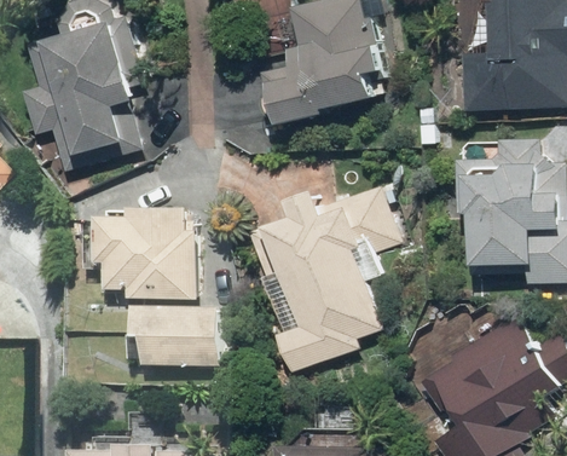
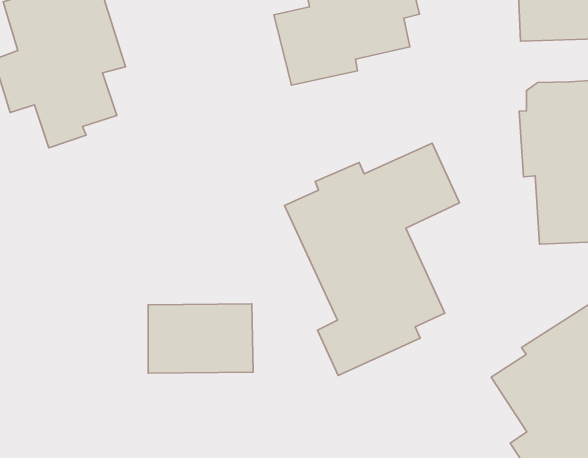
building: [83,207,196,301] -> none

